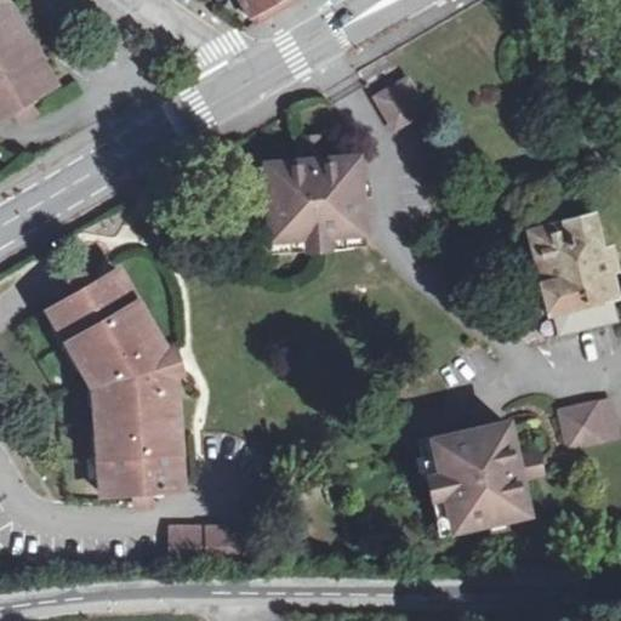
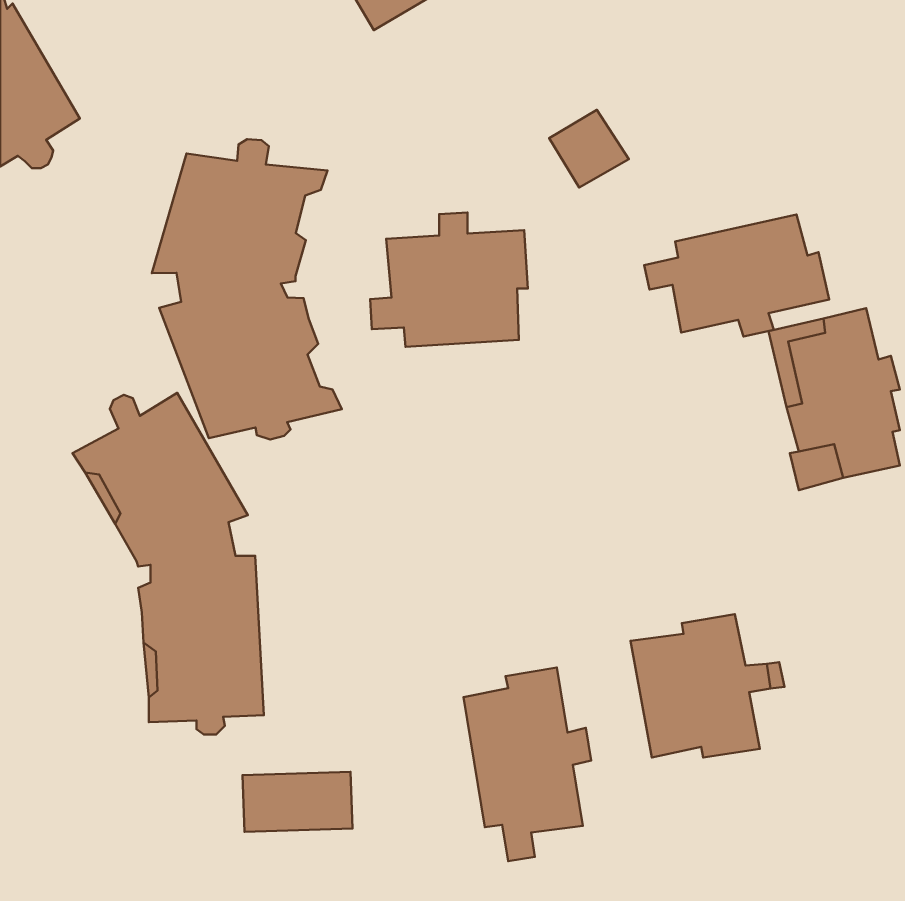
building: none -> [152,139,342,439]
building: none -> [644,214,829,337]
building: [559,397,615,443] -> none
building: none -> [463,668,591,861]

